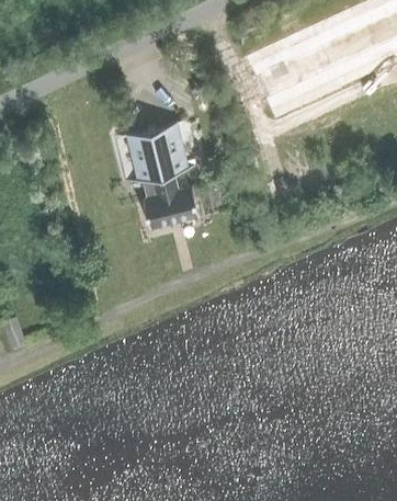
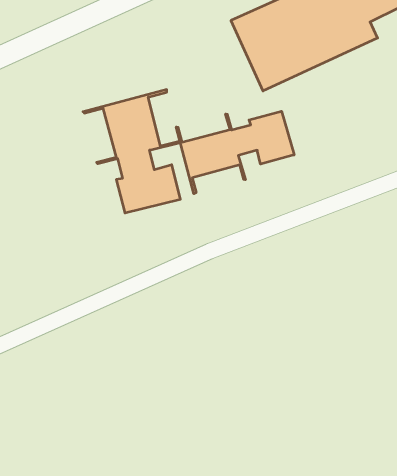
building: none -> [176,111,294,194]

